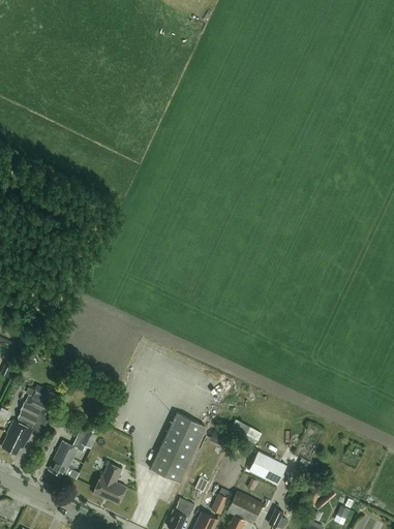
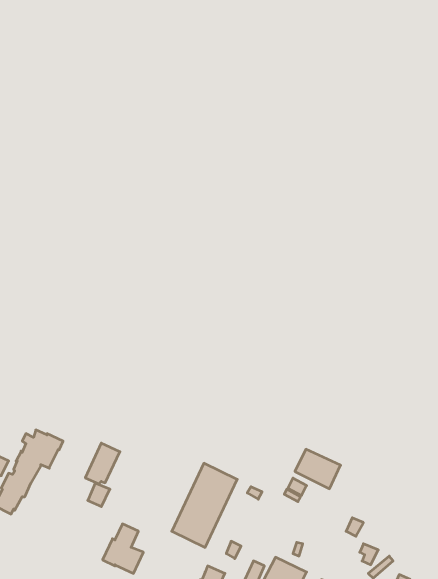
building: [49,441,78,475] -> [85,443,120,484]
building: [248,452,286,485] -> [295,449,341,489]

